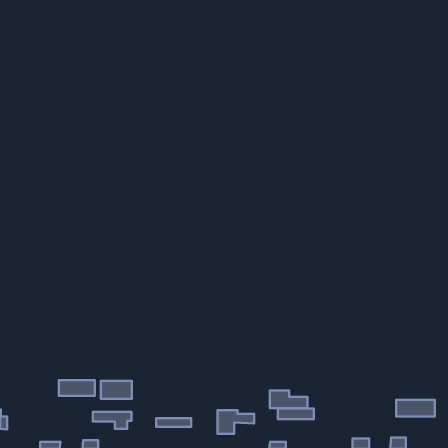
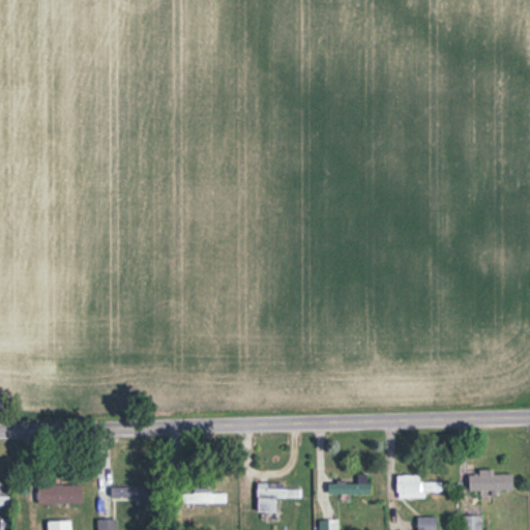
building: [59,380,95,396] -> [38,485,81,504]
building: [101,381,132,399] -> none
building: [270,391,308,408] -> [396,476,441,497]

